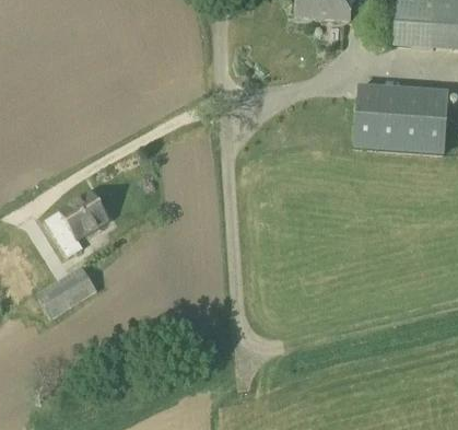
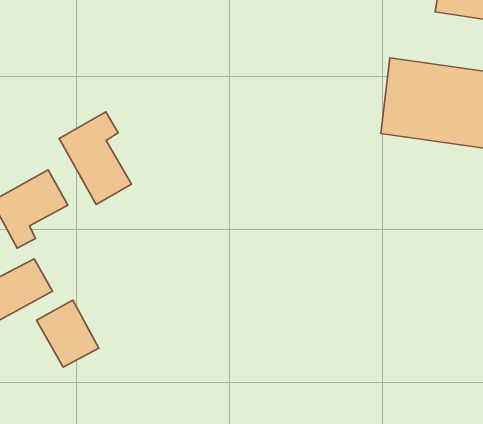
building: none -> [59,112,131,204]
building: none -> [36,300,99,367]

